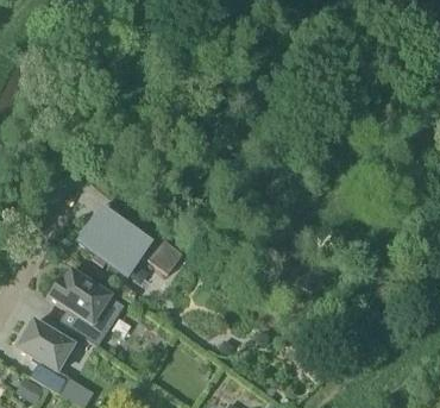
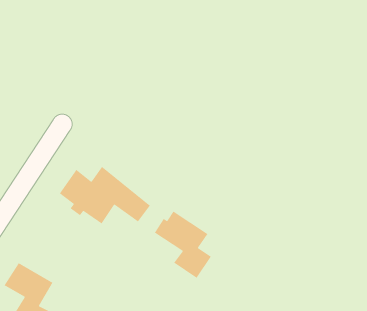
building: [49,270,113,346] -> [154,210,212,279]

